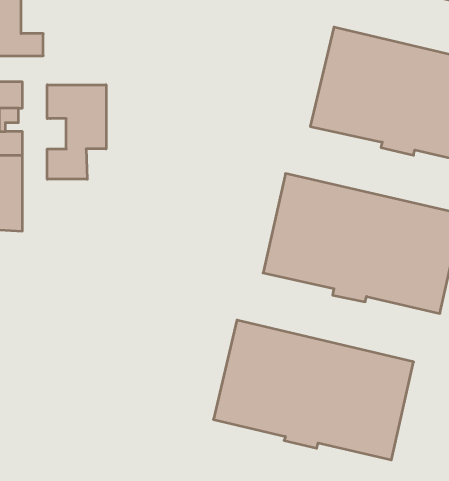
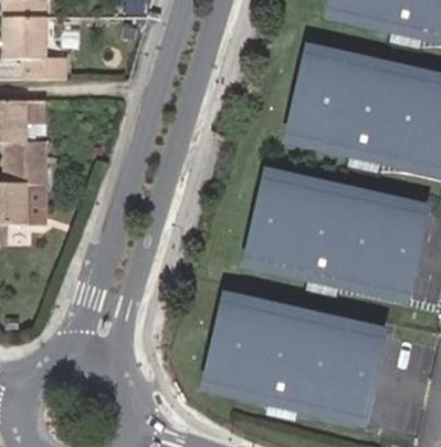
building: [47,85,106,179] -> none

